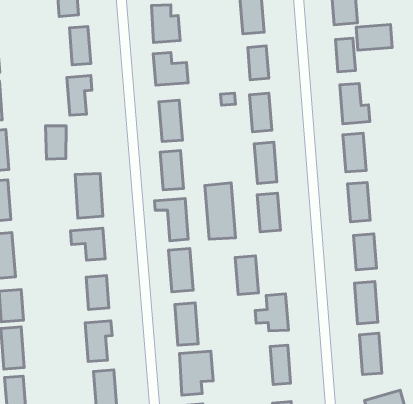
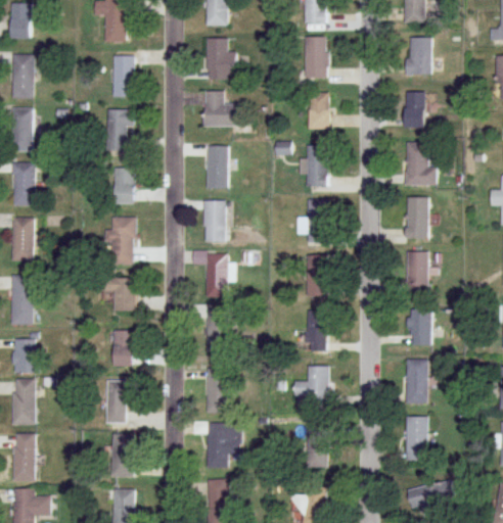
building: [356,24,392,50] -> none
building: [46,126,66,159] -> [111,167,136,204]
building: [205,183,236,239] -> none
building: [235,256,258,294] -> [307,311,329,351]

